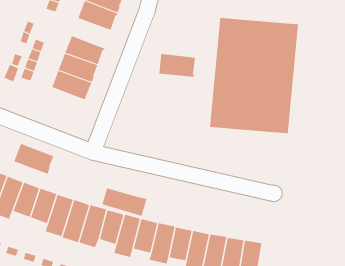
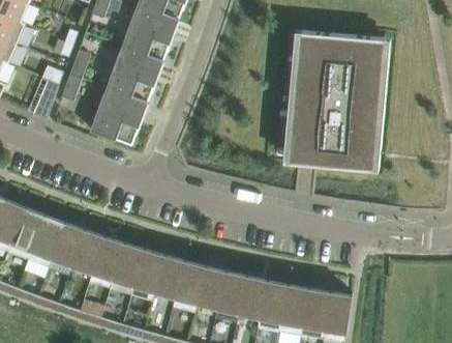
building: none -> [121,26,169,62]
building: [159,53,196,77] -> none
building: [14,143,54,174] -> [89,109,138,146]
building: [100,187,147,217] -> none

